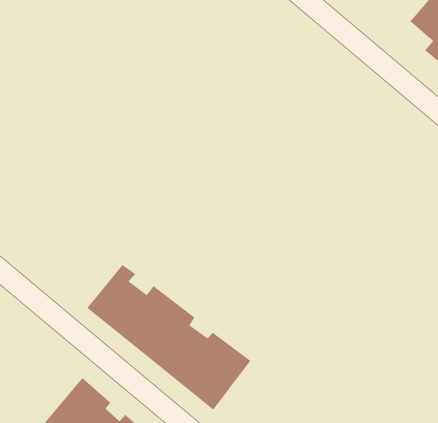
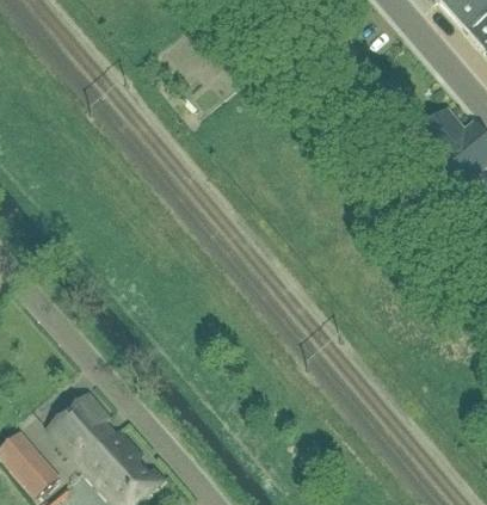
building: [86,264,251,410] -> none

